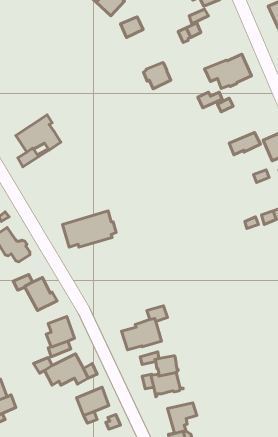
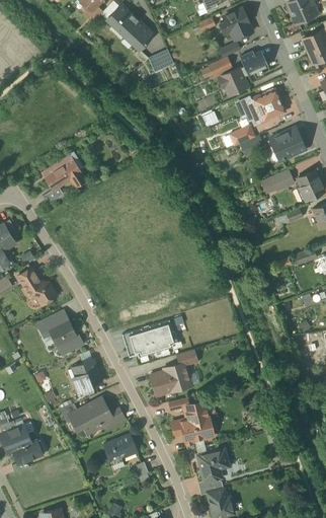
building: none -> [239,51,268,75]
building: [143,62,171,89] -> [219,68,247,95]
building: none -> [269,128,305,160]
building: [62,211,116,247] -> [121,320,177,358]

